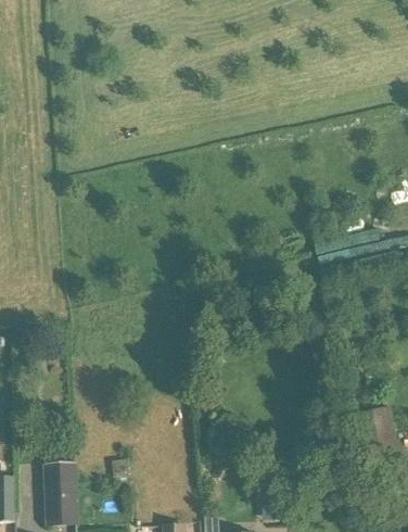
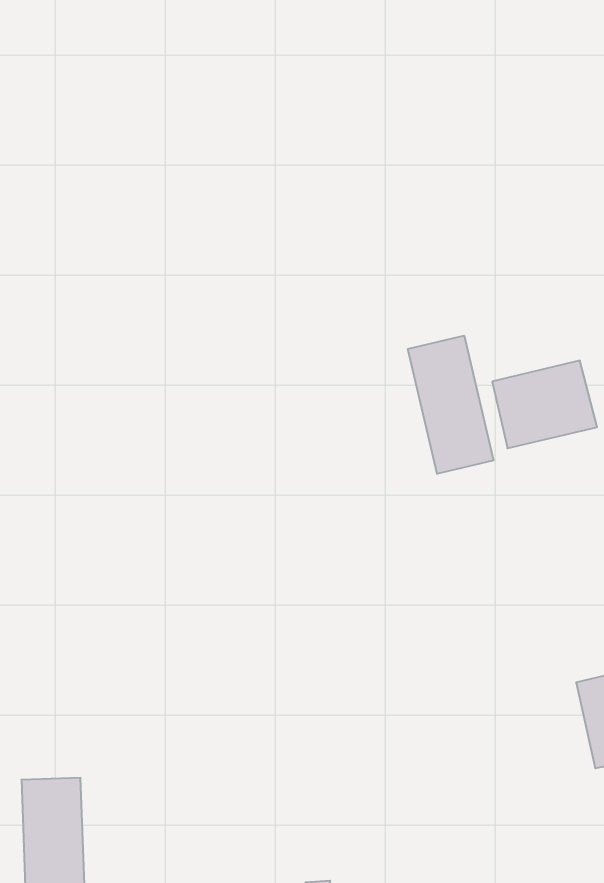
building: none -> [408,336,493,474]

